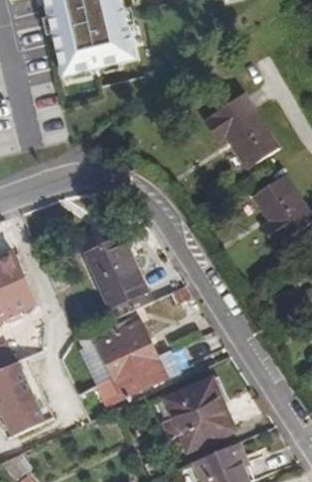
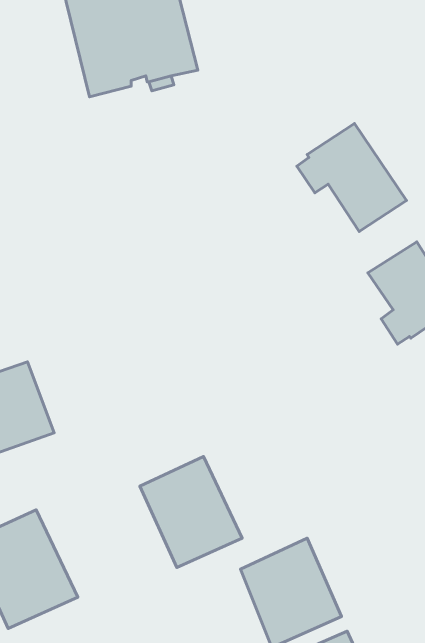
building: [88,236,150,308] -> none

